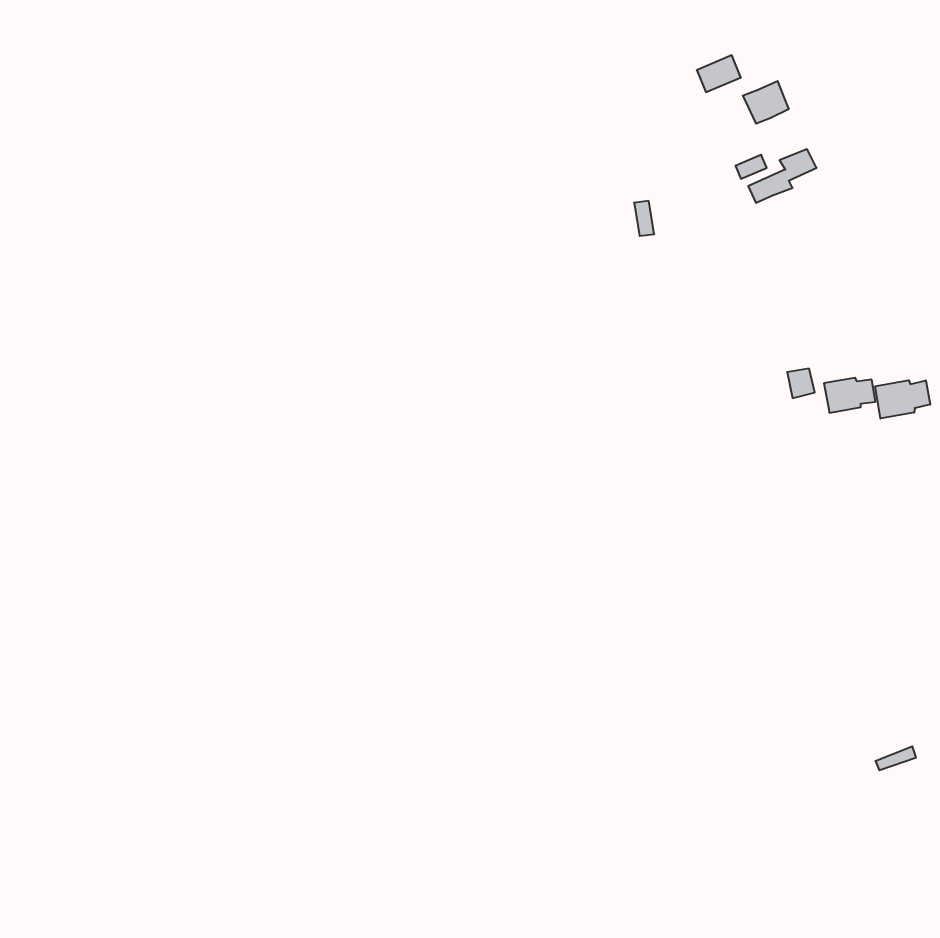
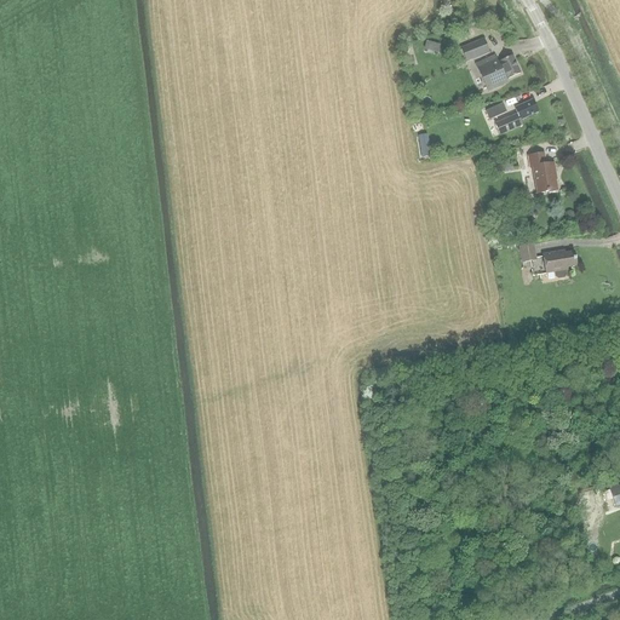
building: none -> [526,151,556,191]
building: [875,380,930,419] -> none

